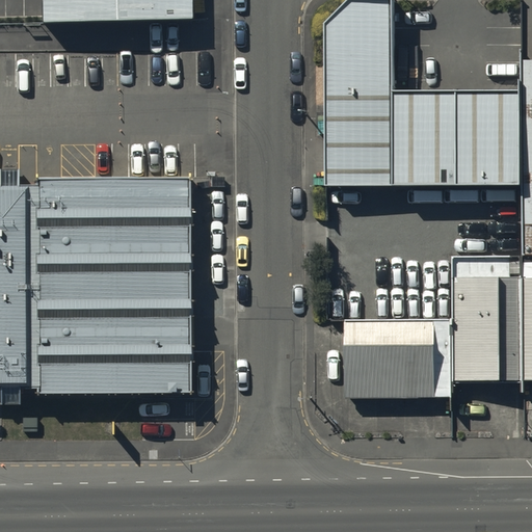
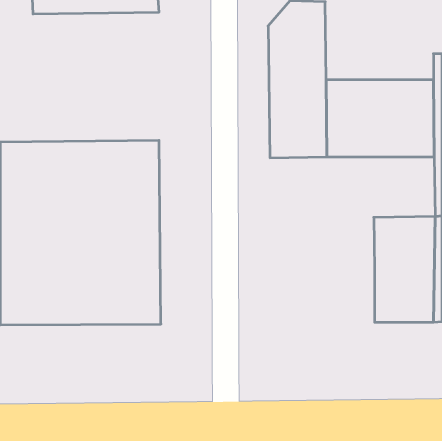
building: [344,323,450,402] -> none

